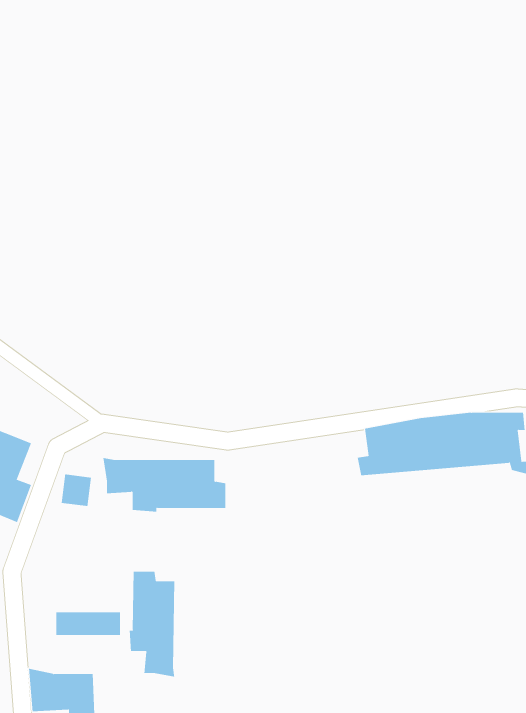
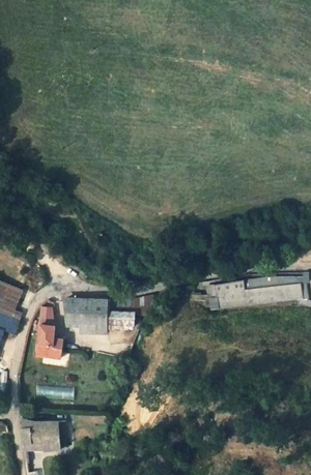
building: none -> [36,325,62,359]
building: [129,571,175,677] -> none

